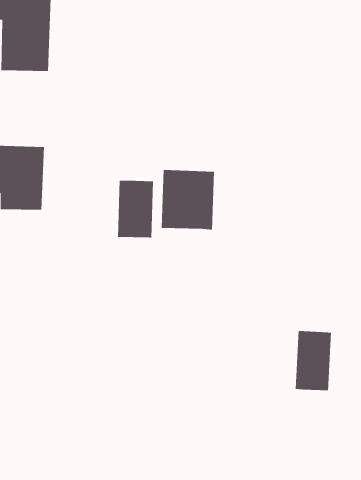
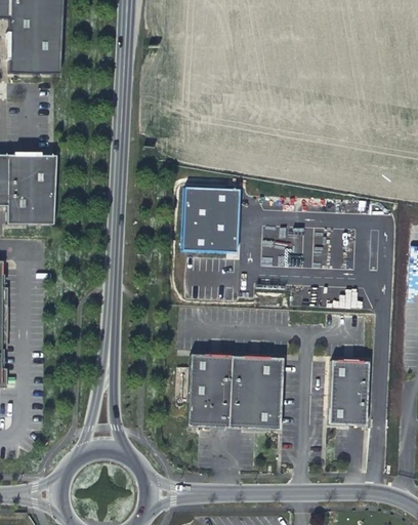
building: [117,180,154,239] -> none
building: none -> [186,353,282,429]

